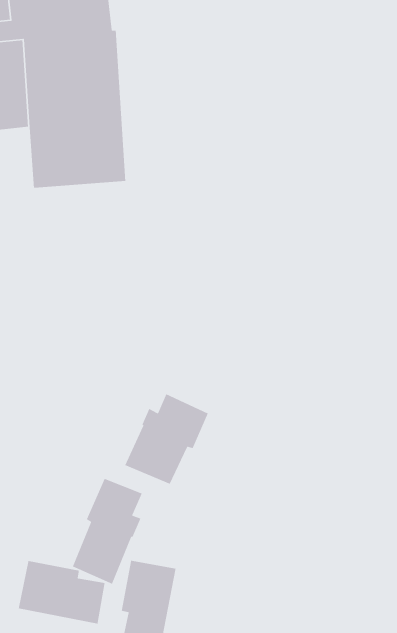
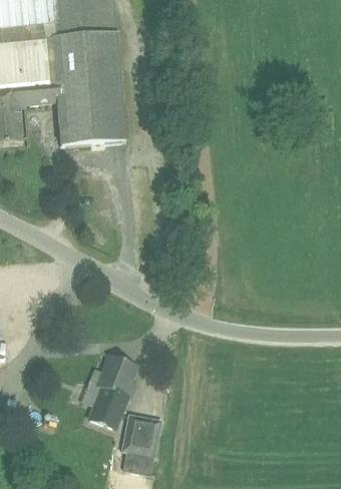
building: [124,393,209,485] -> none
building: [18,560,105,624] -> none

